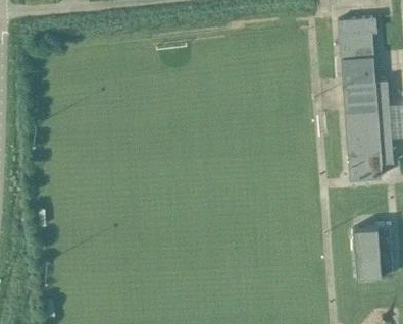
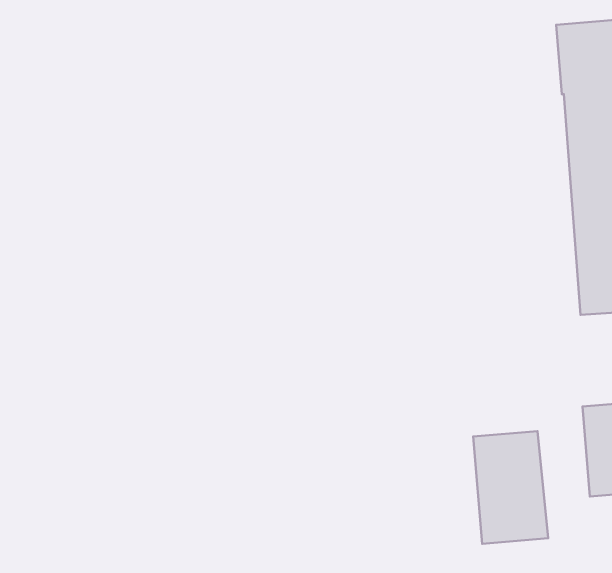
building: none -> [473,431,548,544]

